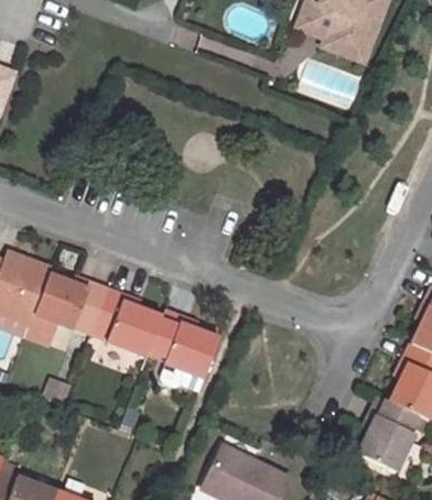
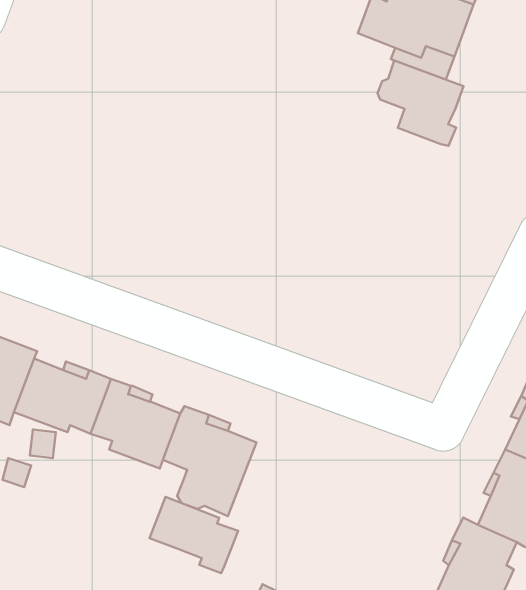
building: none -> [377,60,463,146]
building: none -> [149,497,238,573]

